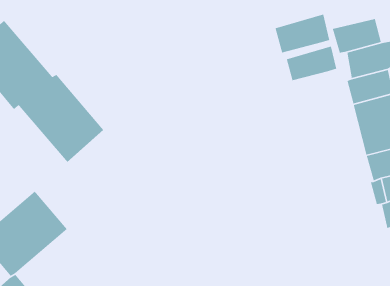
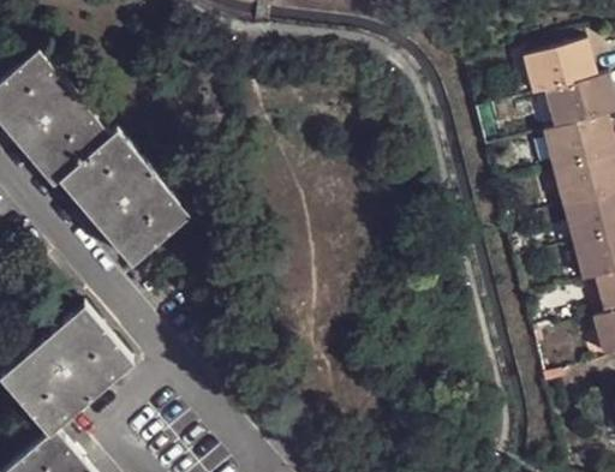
building: [275,13,330,54] -> none
building: [286,46,337,81] -> none

